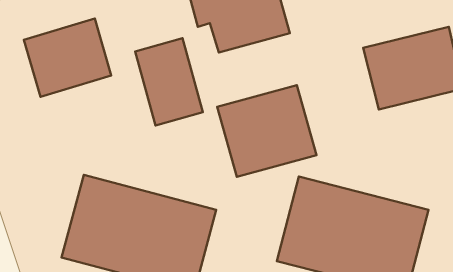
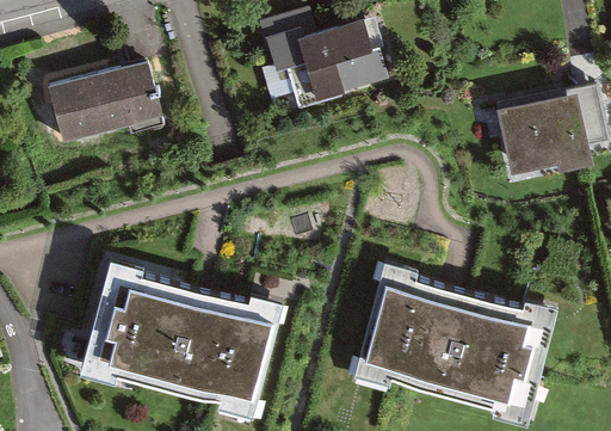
building: [135,38,203,126] -> none
building: [217,85,317,177] -> none

